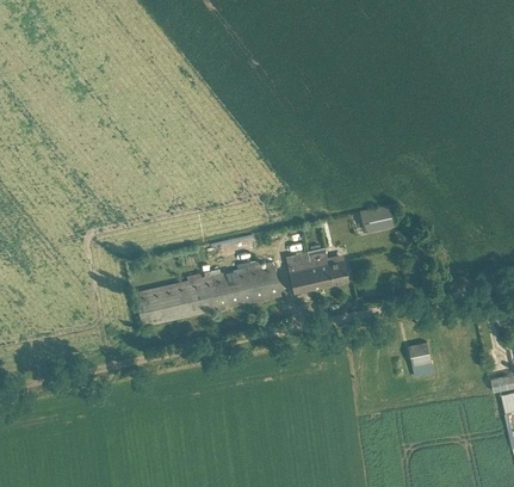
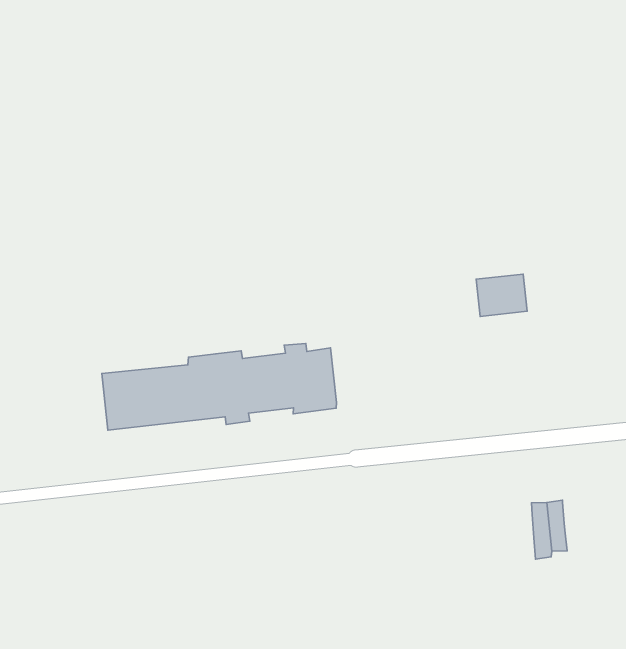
building: [290,248,348,292] -> none

